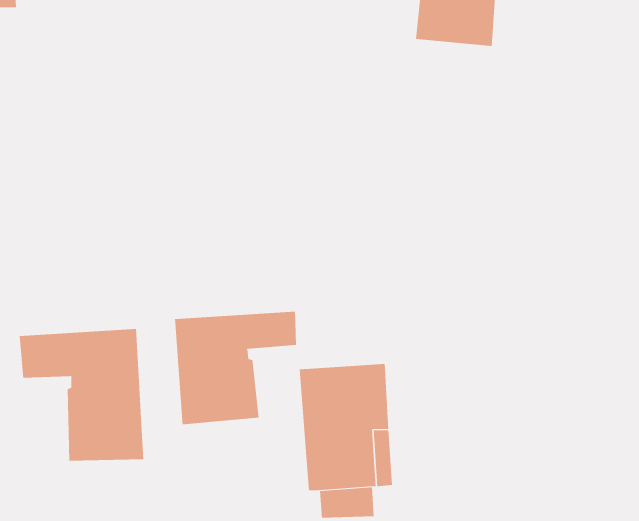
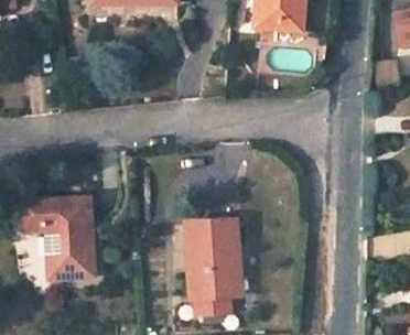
building: [175,311,297,425] -> none

